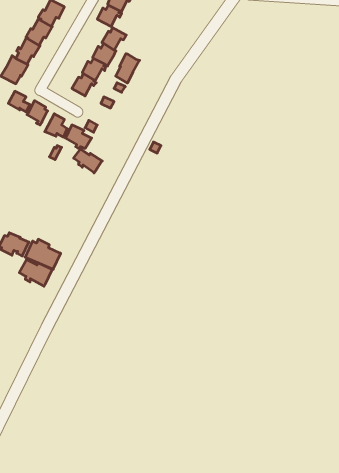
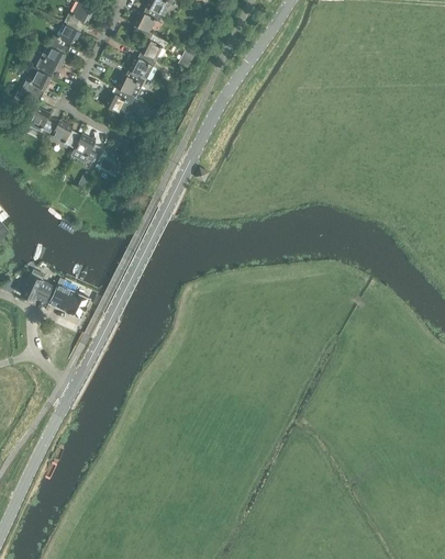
building: [116,54,140,83] -> none
building: [74,149,102,173] -> none
building: [19,260,53,286] -> none

